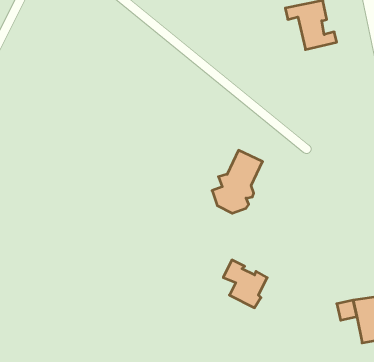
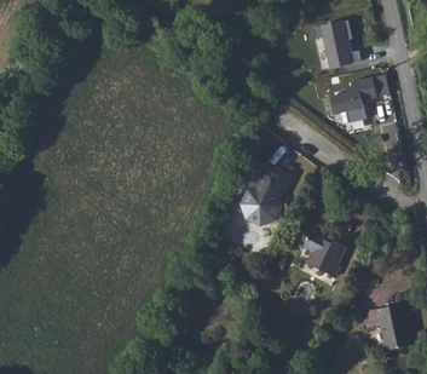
building: none -> [330,77,377,122]
building: [223,260,267,308] -> [302,230,345,276]

